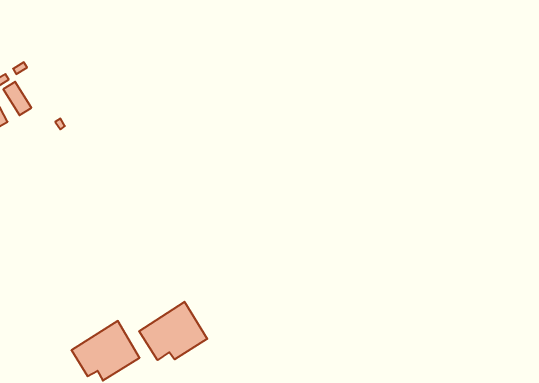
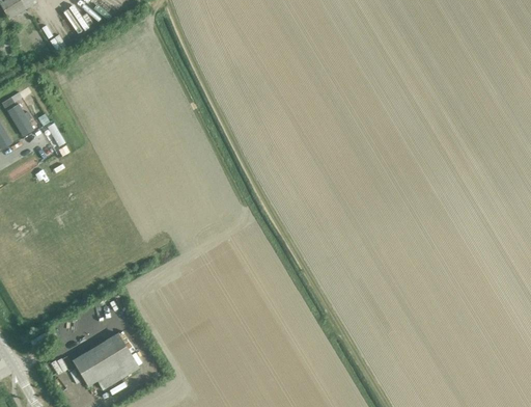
building: [139,302,207,360] -> none

